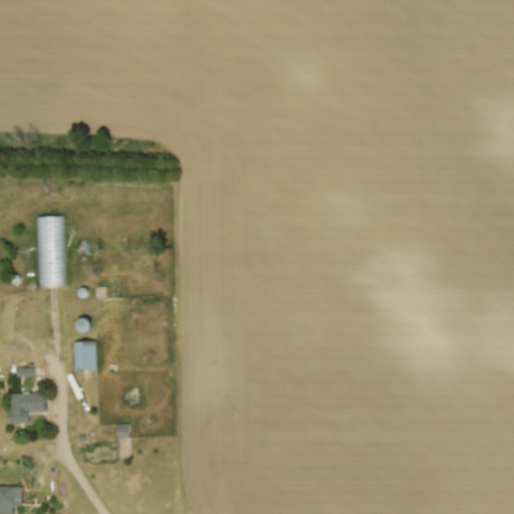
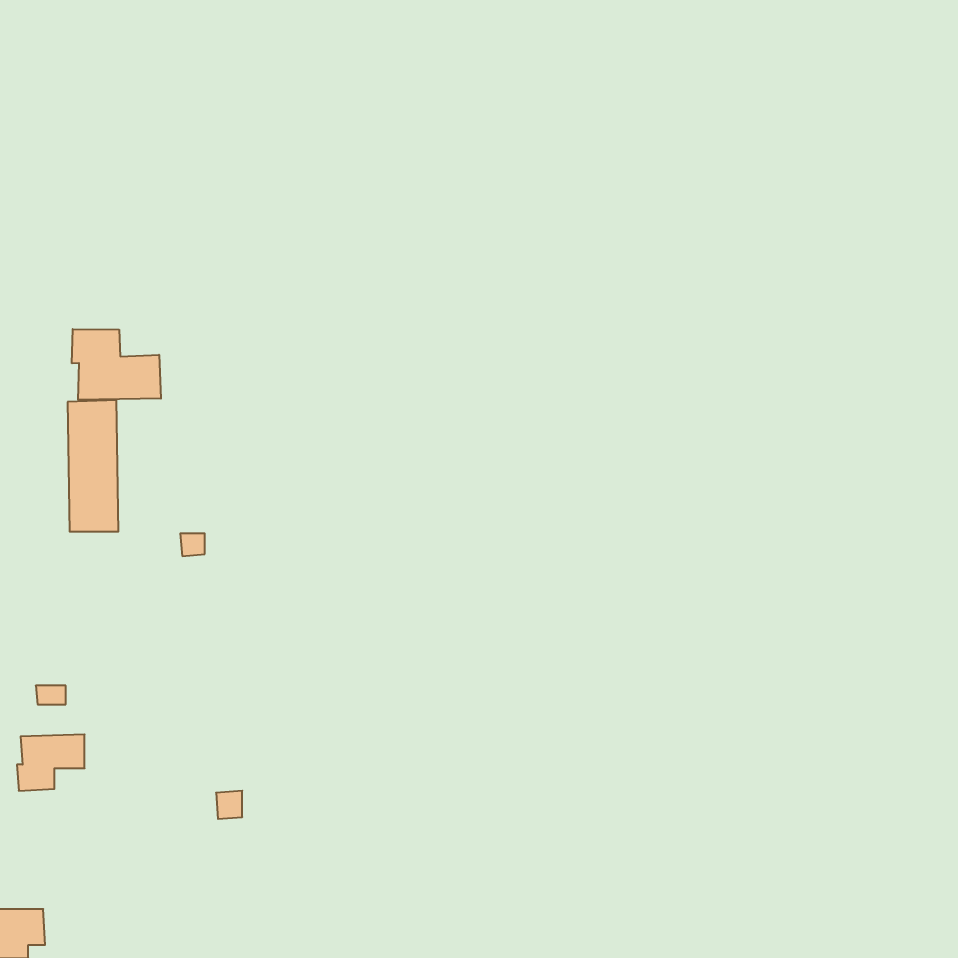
building: none -> [72,329,161,400]
building: [74,341,96,368] -> none

